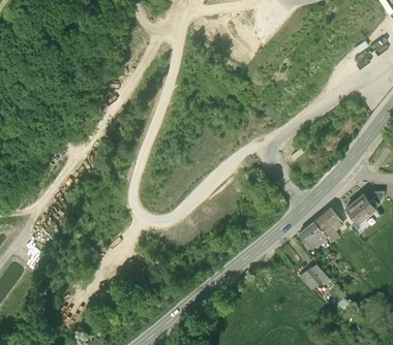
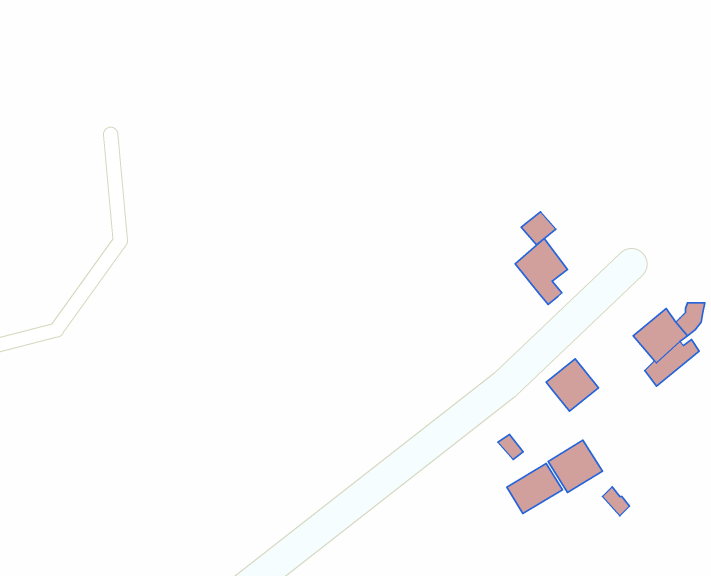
building: [313,208,341,243] -> [515,239,568,304]
building: none -> [507,463,562,514]

